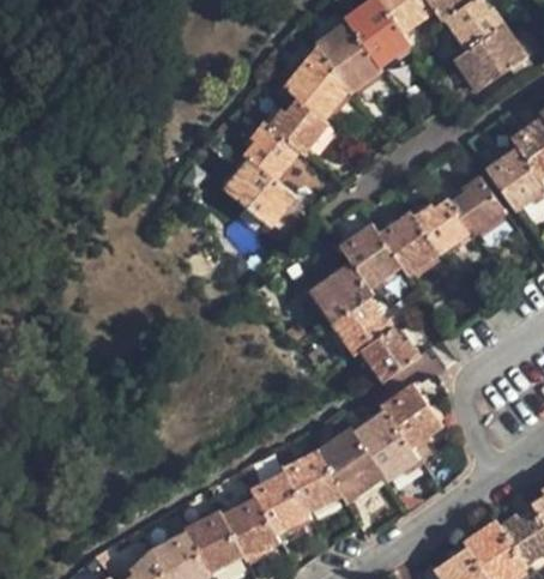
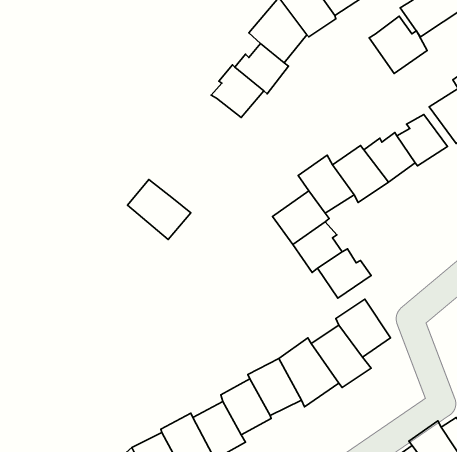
building: none -> [369,16,427,73]
building: [224,159,295,227] -> [127,179,191,240]

